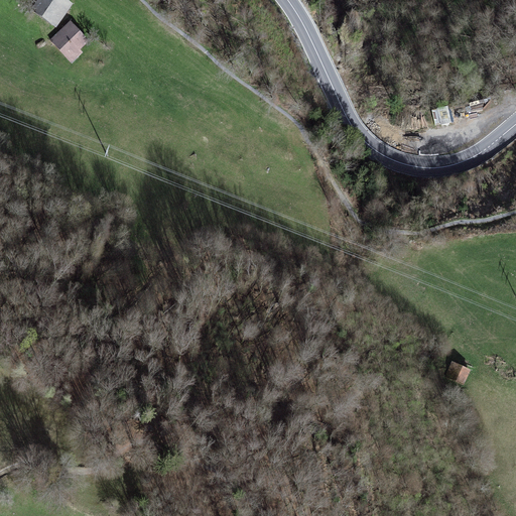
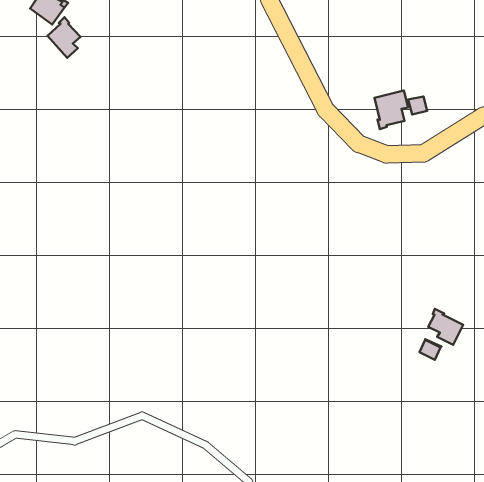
building: none -> [374,91,408,129]
building: none -> [428,309,463,345]

